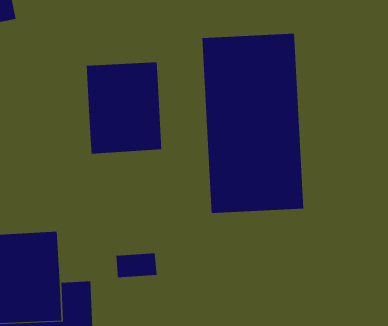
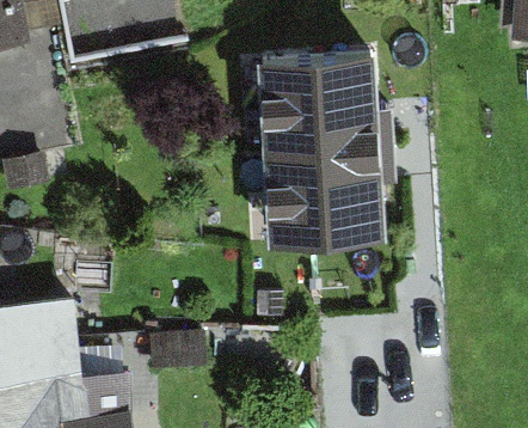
building: [86,61,162,155] -> none

